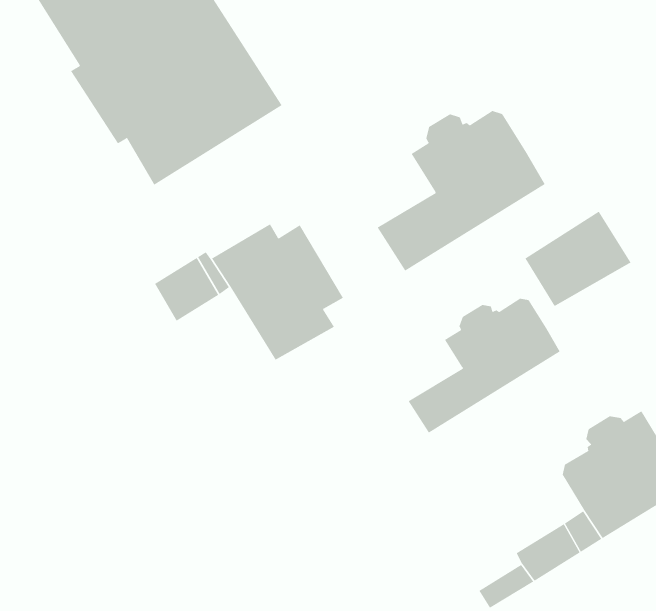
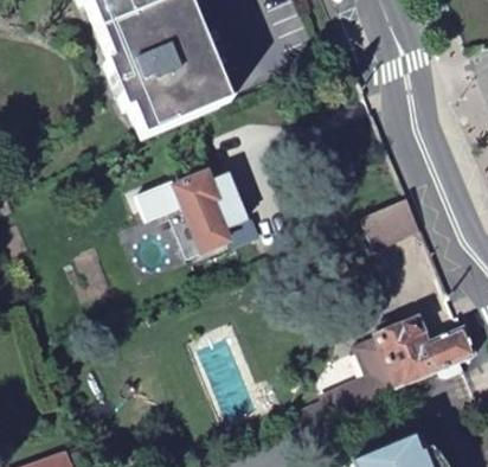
building: [377,110,546,271] -> none
building: [408,298,560,433] -> none

